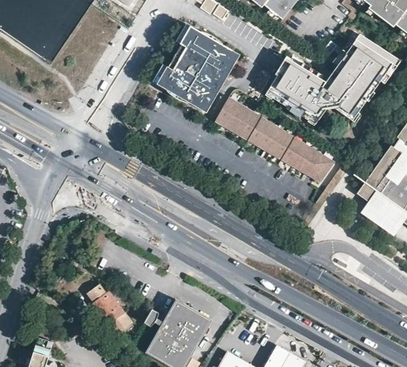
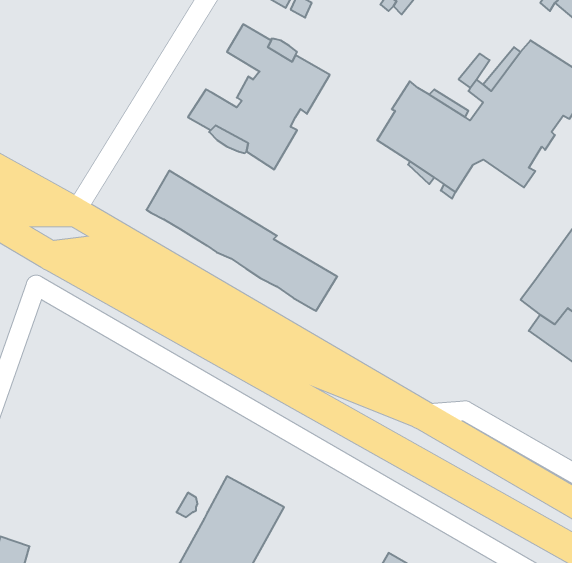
building: [167,43,196,74] -> none
building: [215,96,332,182] -> [146,171,337,311]
building: [86,282,133,333] -> none

